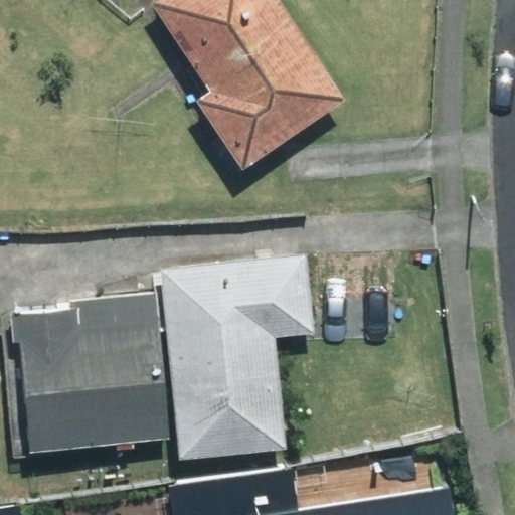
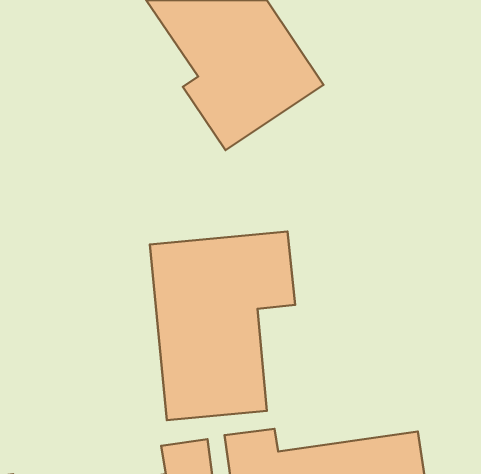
building: [8,294,168,450] -> none

